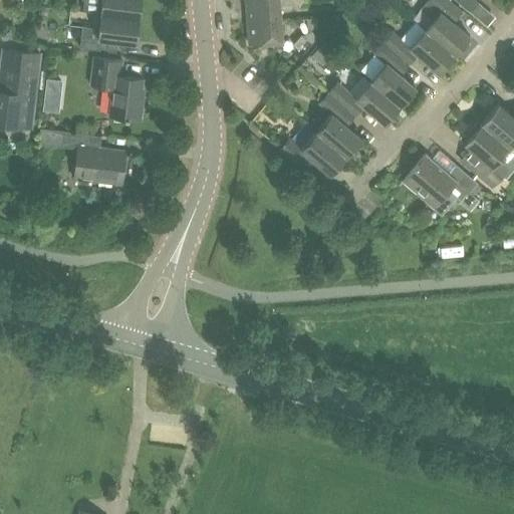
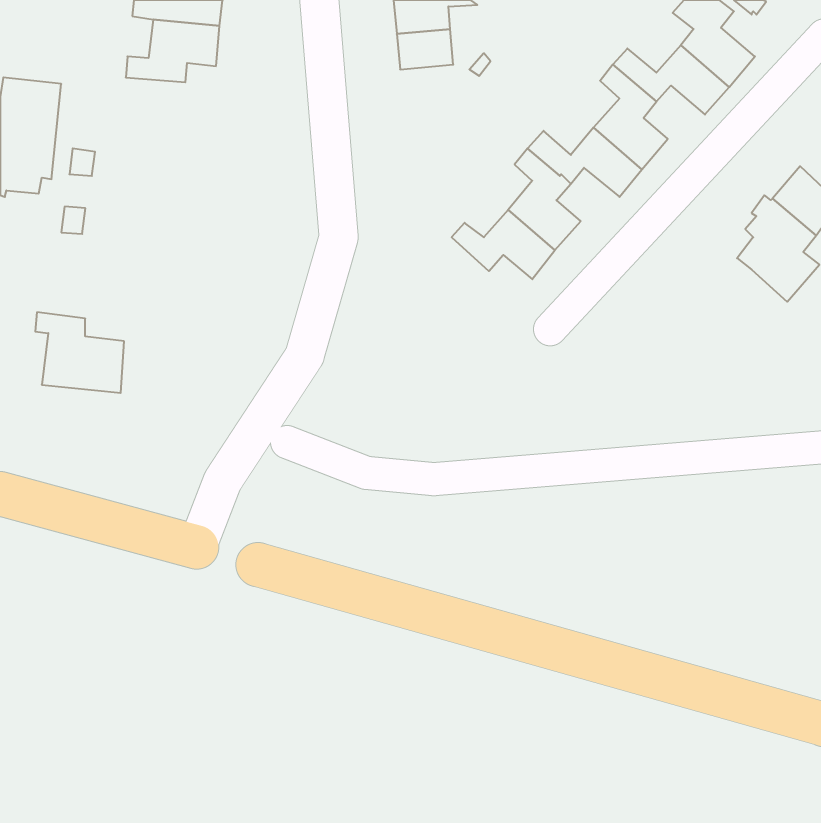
building: [91,57,144,119] -> none
building: [69,133,124,183] -> [35,312,124,393]
building: [406,155,482,206] -> none

